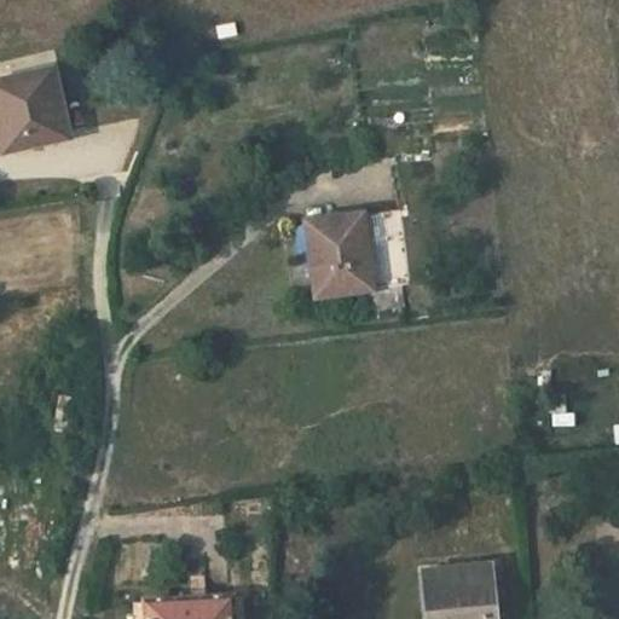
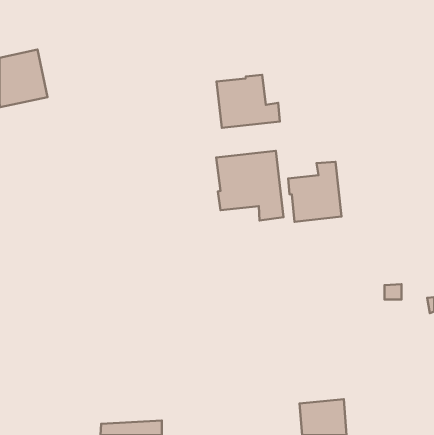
building: none -> [217,75,280,128]
building: none -> [288,162,342,222]

